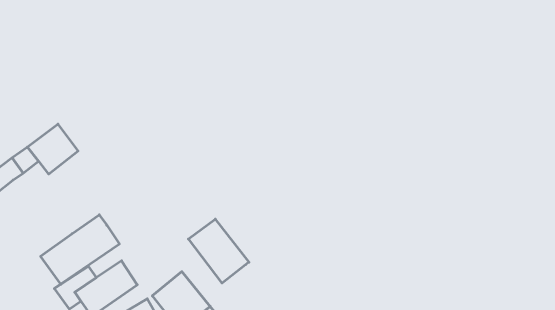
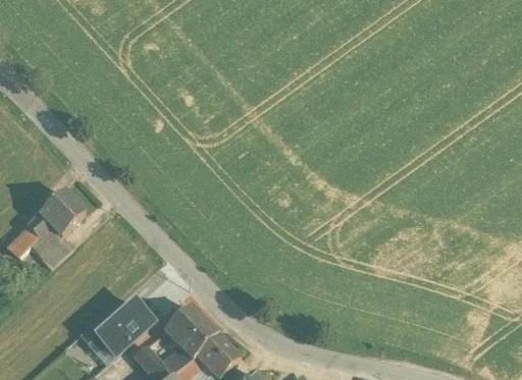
building: [41,215,119,284] -> none
building: [188,219,249,283] -> none

